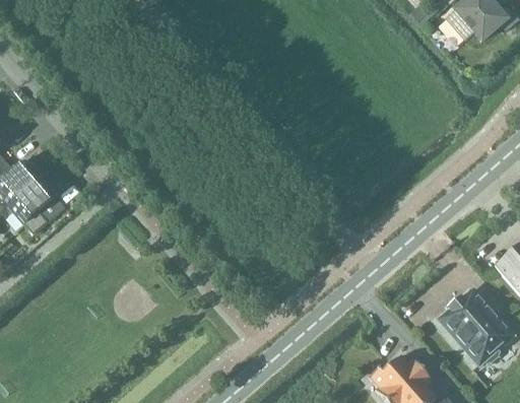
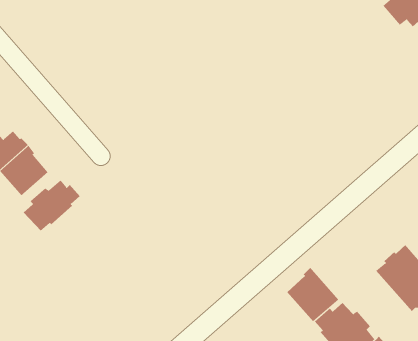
building: none -> [23,180,80,232]
building: none -> [287,266,339,322]

